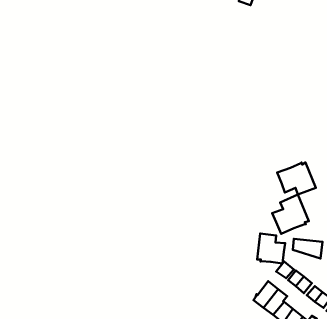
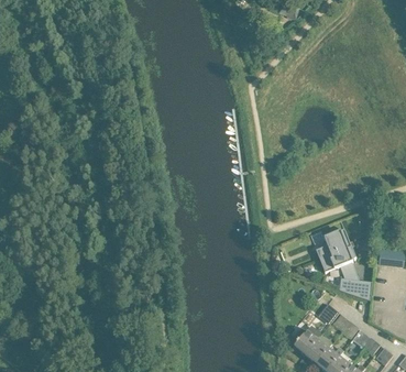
building: [277,162,316,194] -> none
building: [257,233,285,263] -> none

